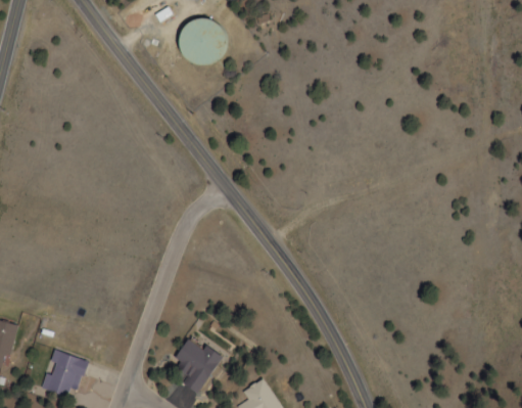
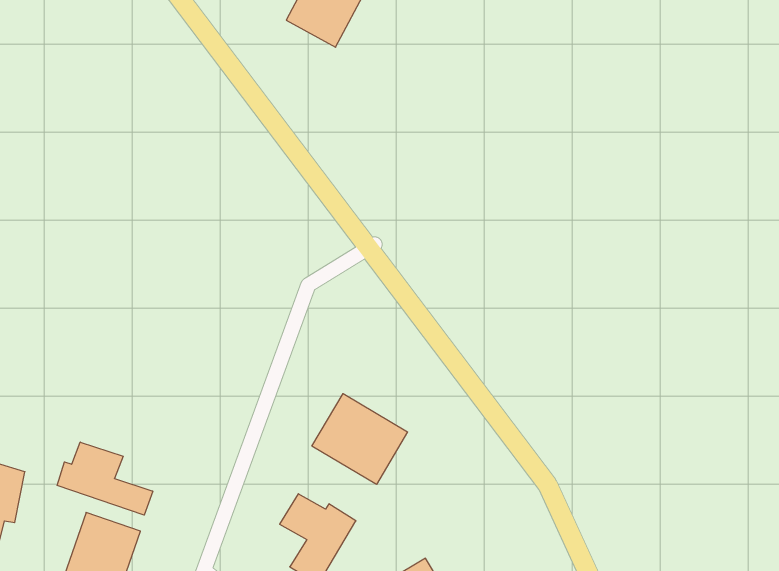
building: none -> [312,394,408,484]
building: none -> [57,442,153,515]

